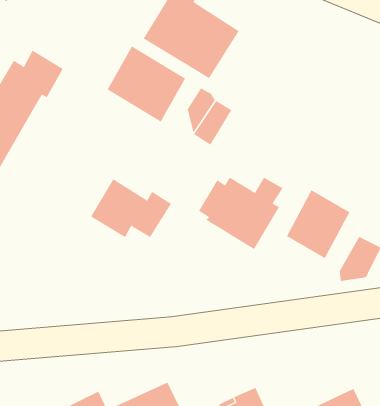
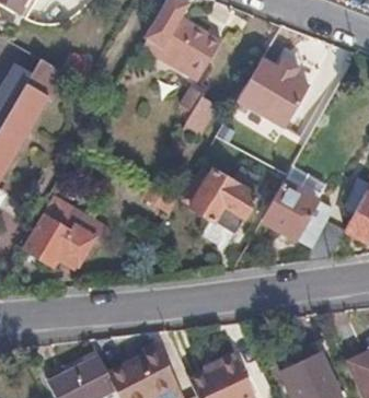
building: [107,46,186,123] -> none
building: none -> [234,61,304,131]
building: [90,179,172,238] -> [24,215,95,267]

